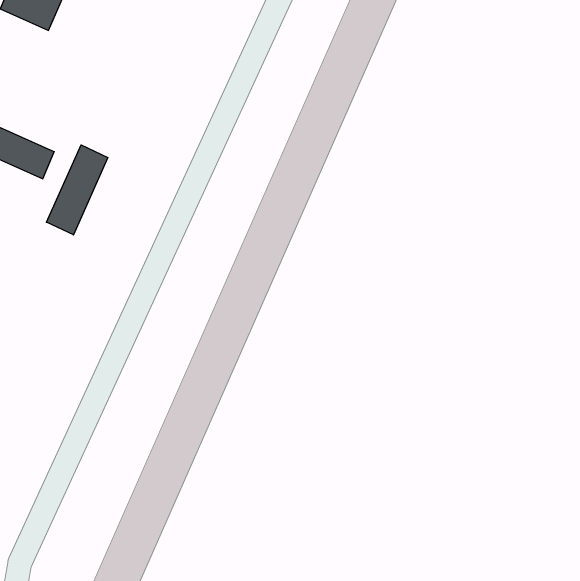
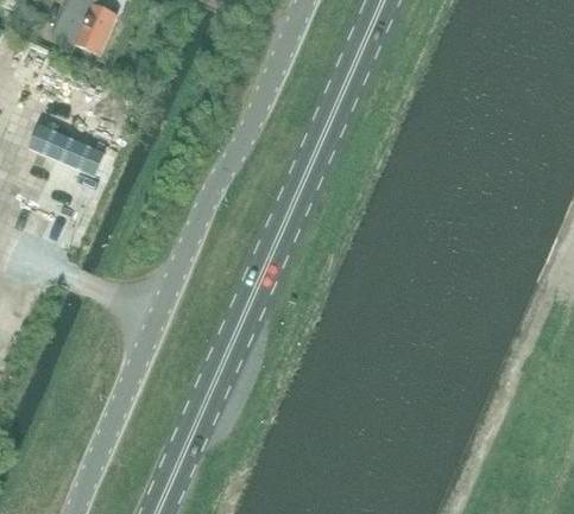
building: [46,145,108,235] -> none

